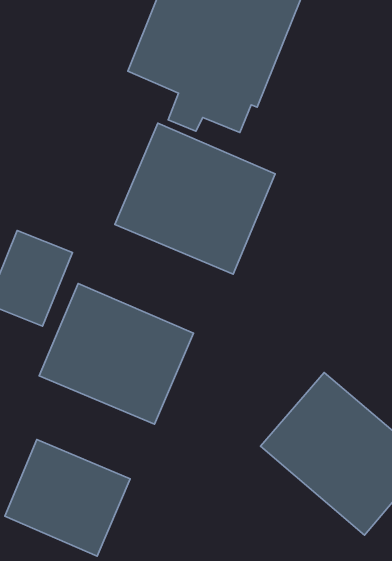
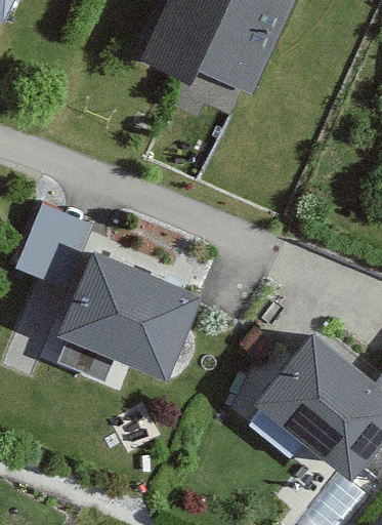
building: [115,123,275,274] -> none
building: [5,440,130,556] -> none

